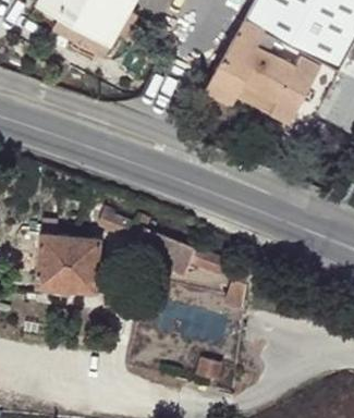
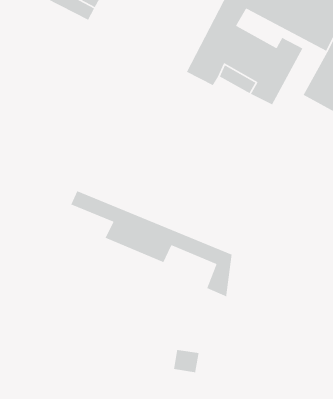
building: [34,232,98,292] -> none

